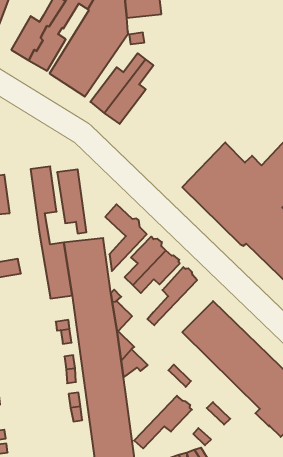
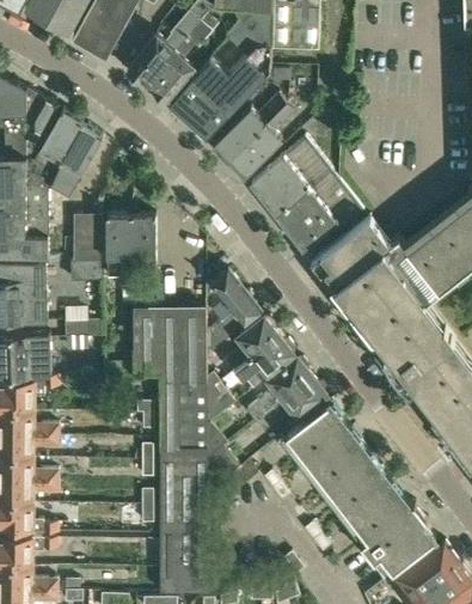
building: none -> [249,138,363,251]
building: [57,169,86,233] -> [106,215,131,292]
building: [134,396,192,448] -> [253,376,327,433]

